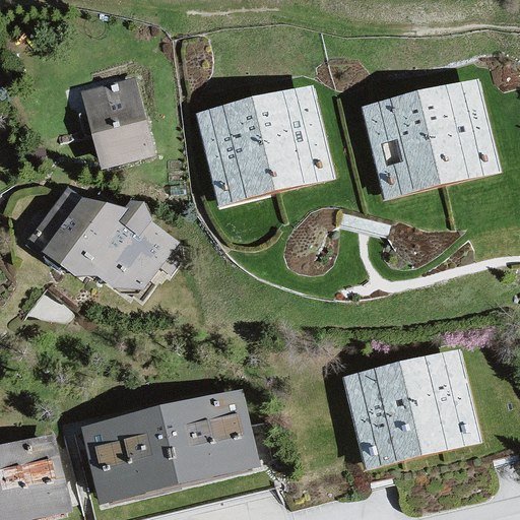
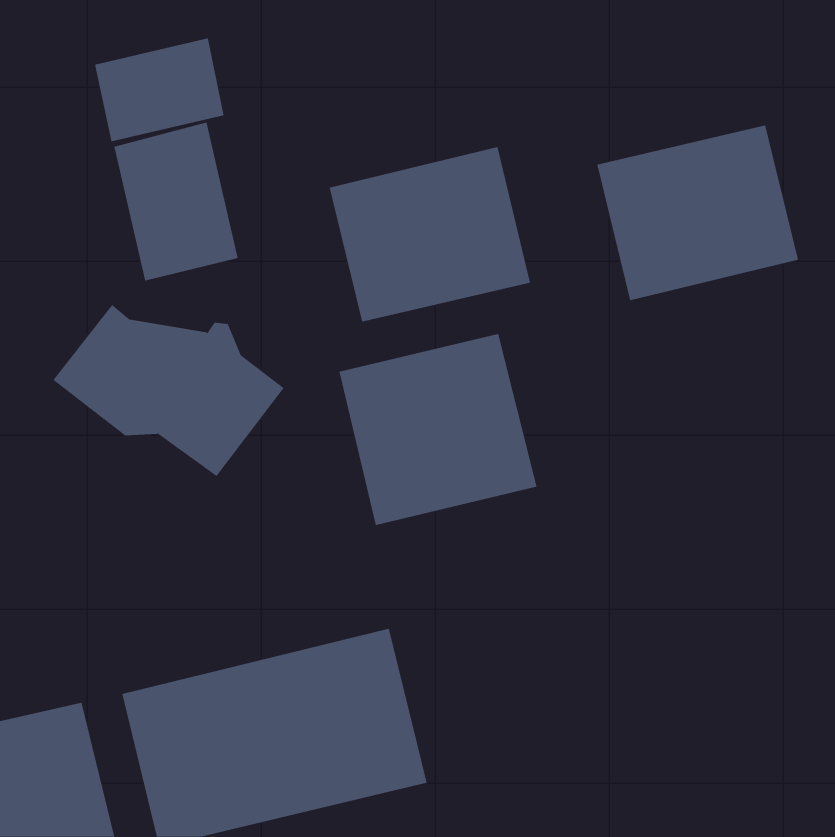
building: none -> [94,37,224,142]
building: none -> [339,333,537,526]
building: [349,351,474,460] -> none

